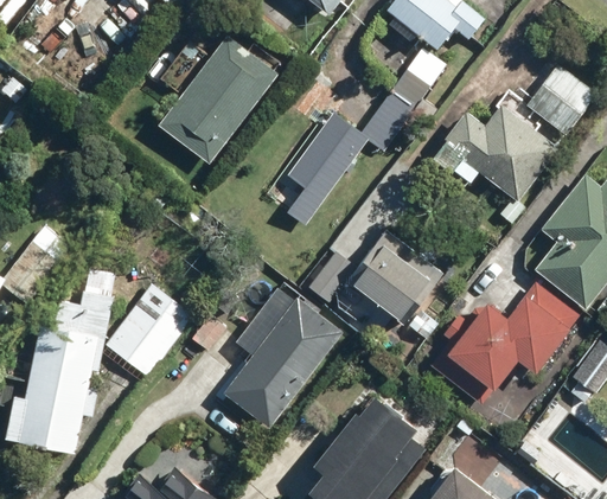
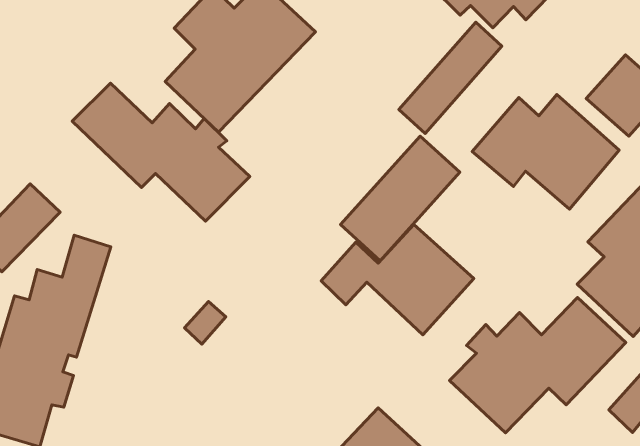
building: [266,113,366,225] -> [340,136,460,261]
building: none -> [72,83,250,221]
building: [107,283,197,378] -> none
building: [221,289,345,430] -> none

